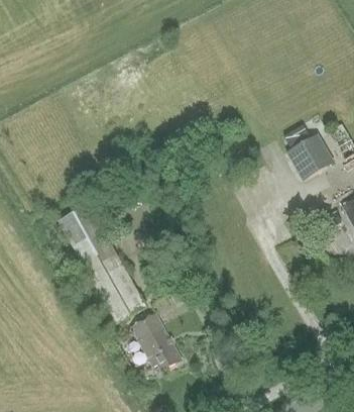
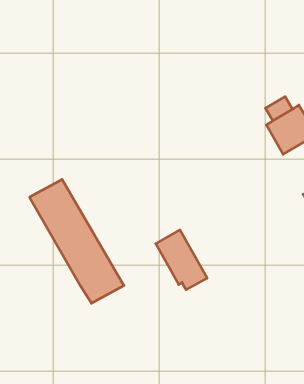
building: [132,314,182,372] -> [156,230,207,290]

